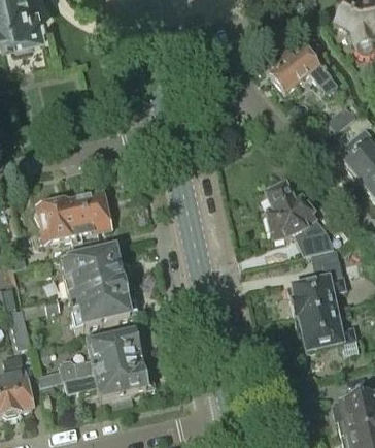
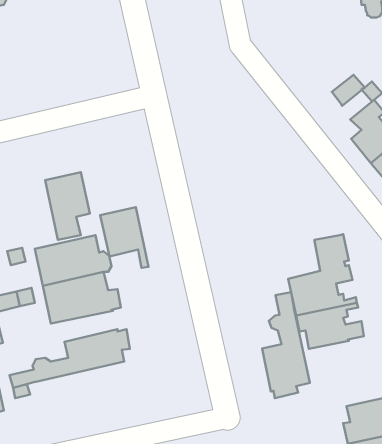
building: [269,44,337,93] -> none
building: [266,184,334,254] -> none
building: [37,198,80,253] -> [100,207,148,268]
building: none -> [262,292,310,398]
building: [60,361,154,401] -> none

